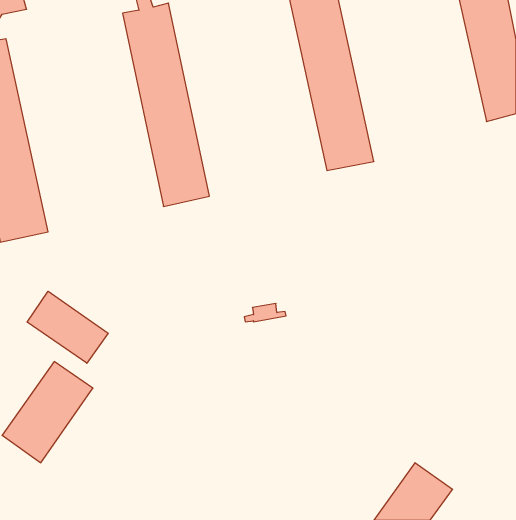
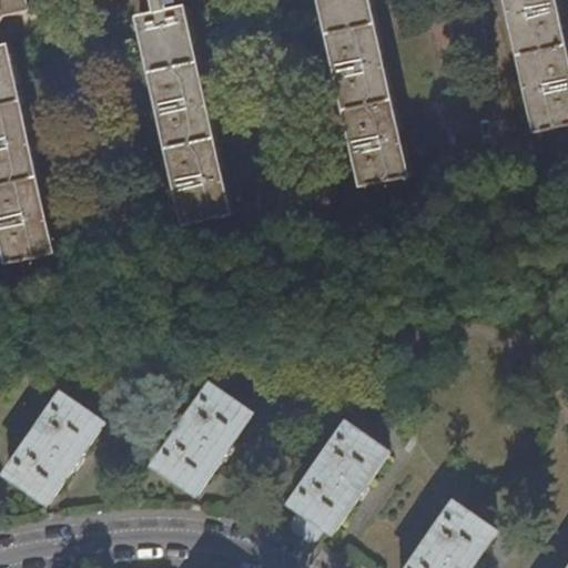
building: [27,291,108,363] -> none
building: none -> [152,386,248,494]
building: none -> [287,423,385,540]

